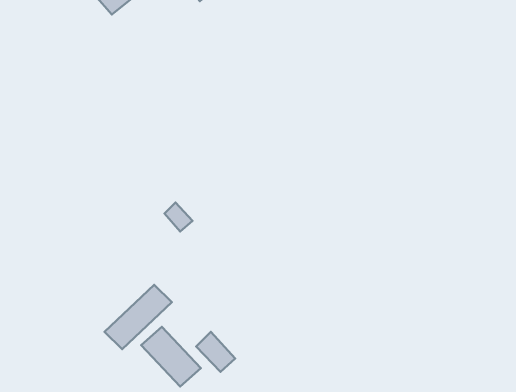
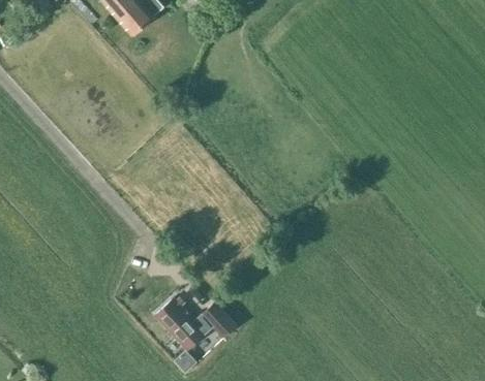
building: [105,285,172,349] -> none

